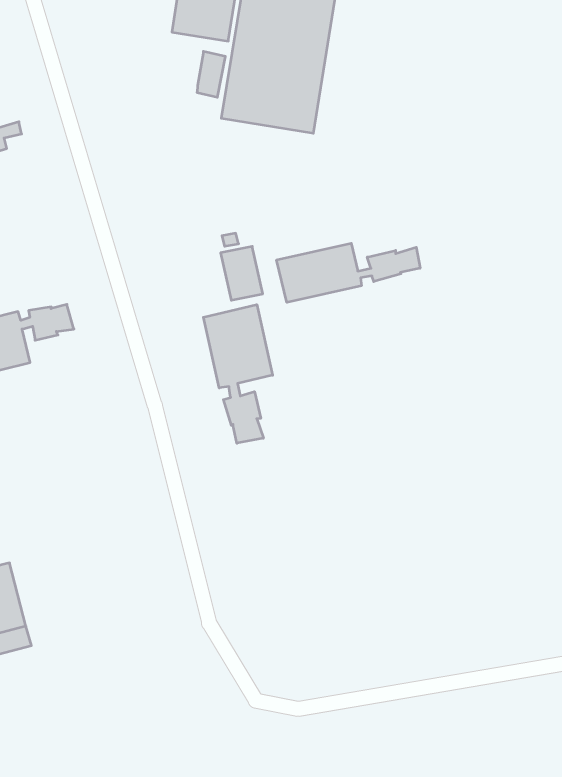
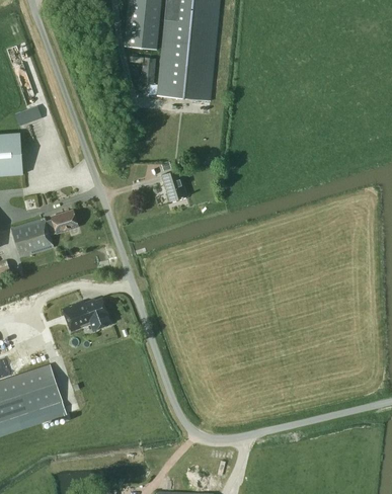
building: [277,243,420,302] -> none
building: [203,305,273,443] -> none
building: none -> [62,298,110,331]

